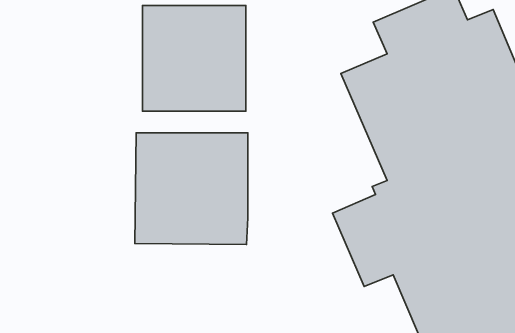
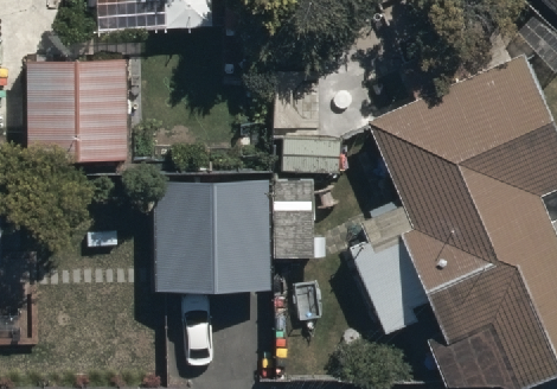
building: [142,5,246,111] -> [25,58,130,166]

